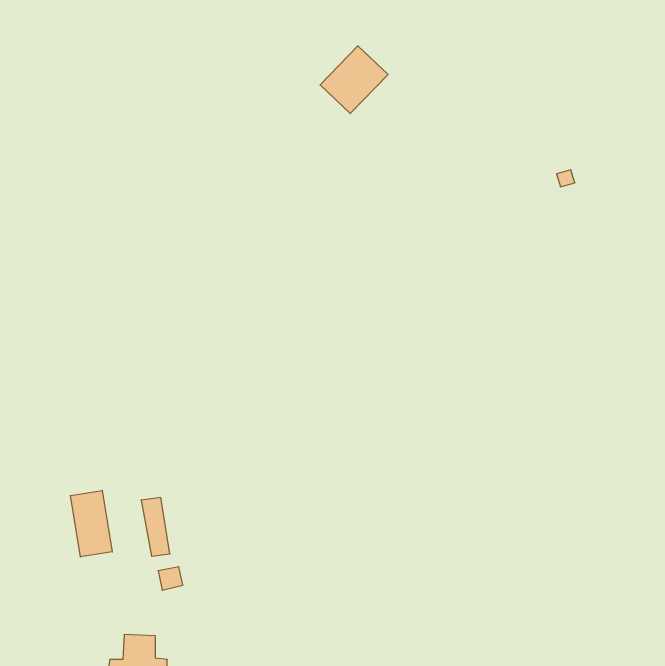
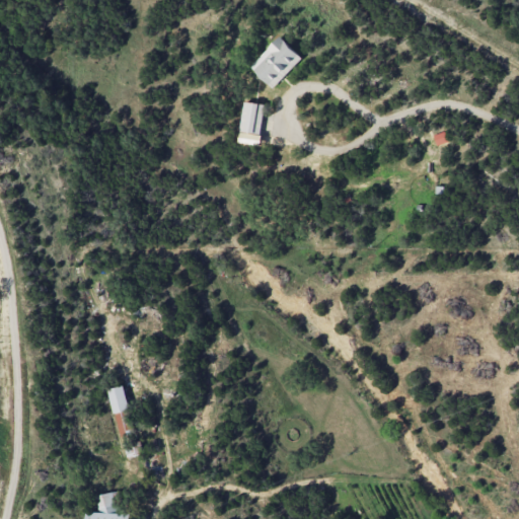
building: none -> [239,103,262,134]
building: [70,490,112,557] -> none

